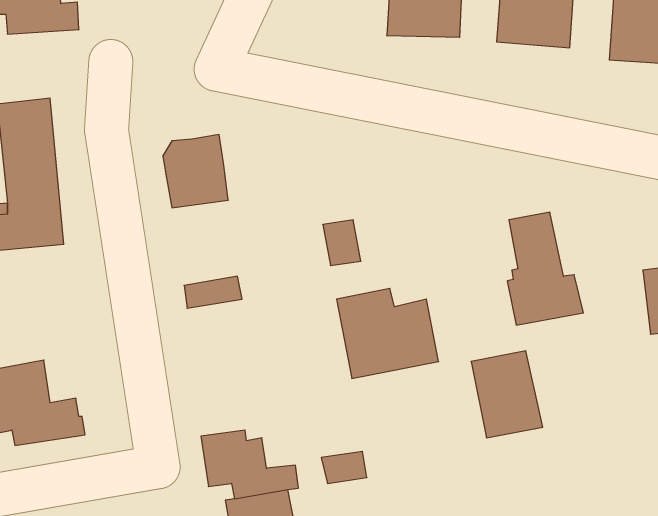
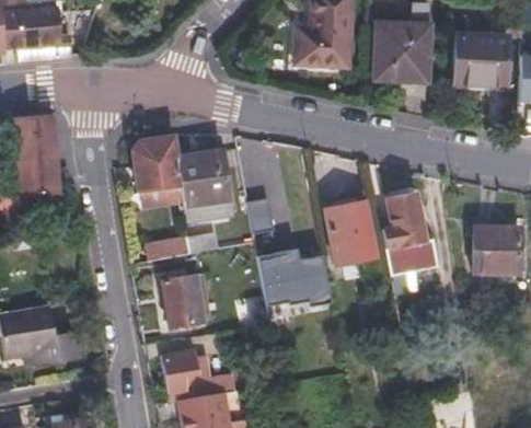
building: none -> [177,152,233,221]
building: none -> [162,273,210,326]
building: [471,351,543,438] -> [323,201,374,264]

